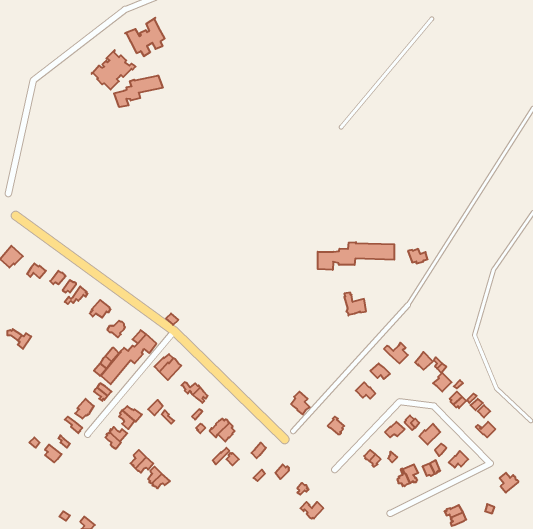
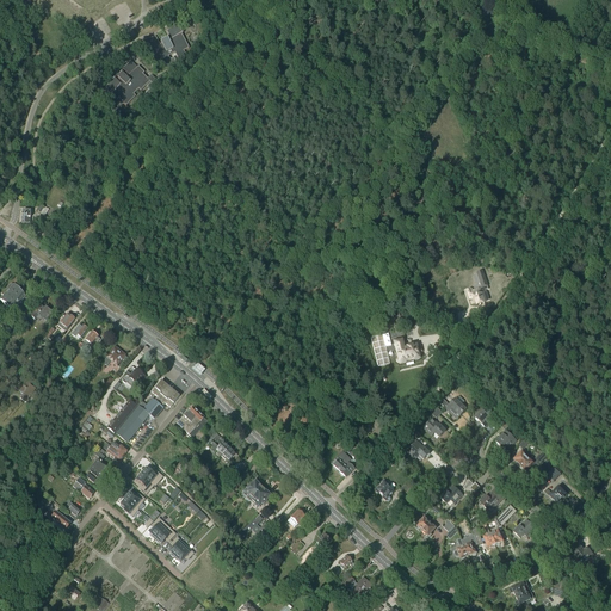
building: [114,75,163,107] -> none
building: [318,242,394,270] -> none

